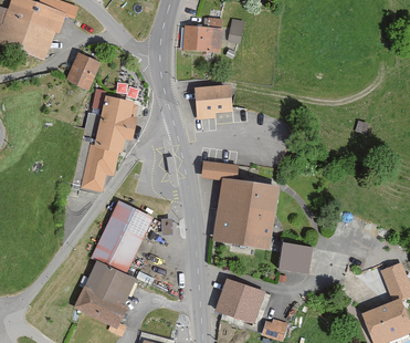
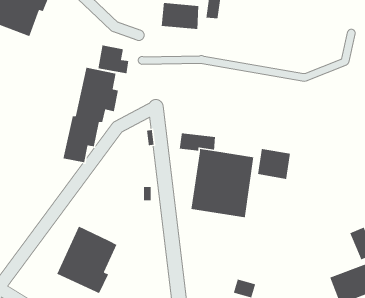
building: [65,52,102,91] -> none
building: [197,89,232,118] -> none
building: [92,199,155,273] -> none
building: [277,241,313,274] -> [257,148,291,180]
building: [219,281,264,323] -> none

